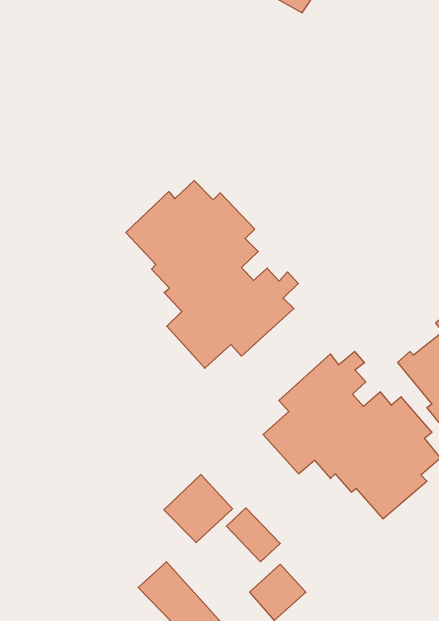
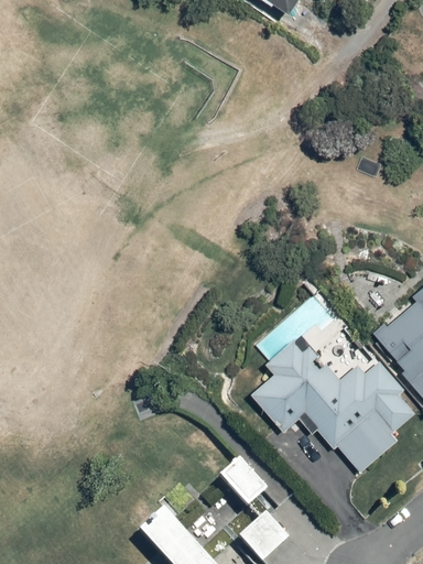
building: [126,181,298,368] -> none
building: [164,475,233,543] -> none

